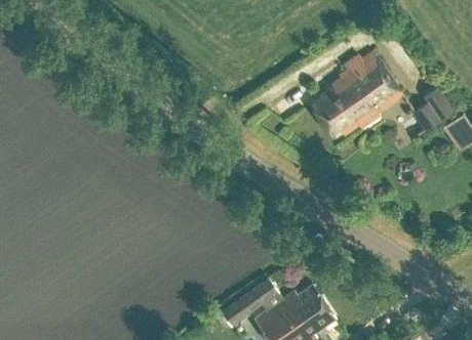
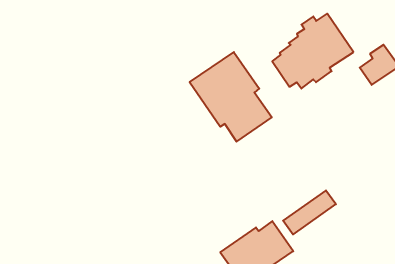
building: none -> [190,52,272,142]
building: [219,278,278,327] -> [283,190,336,234]

